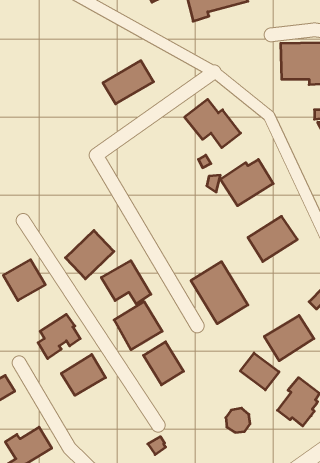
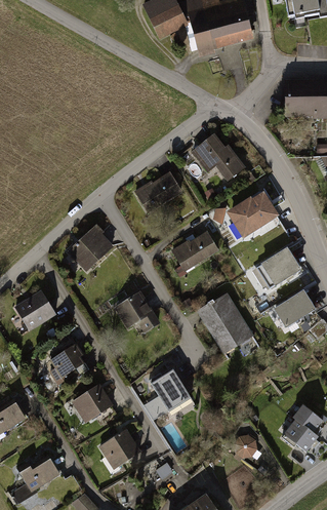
building: [103,61,154,104] -> [132,170,181,212]
building: none -> [167,232,216,273]
building: [65,230,114,279] -> [63,226,110,273]
building: [114,302,162,350] -> none
building: [264,315,314,361] -> [269,289,317,334]
building: [240,353,279,390] -> none
building: none -> [99,430,139,469]

